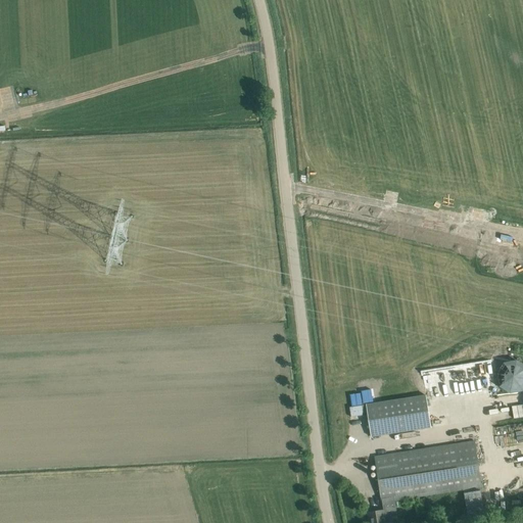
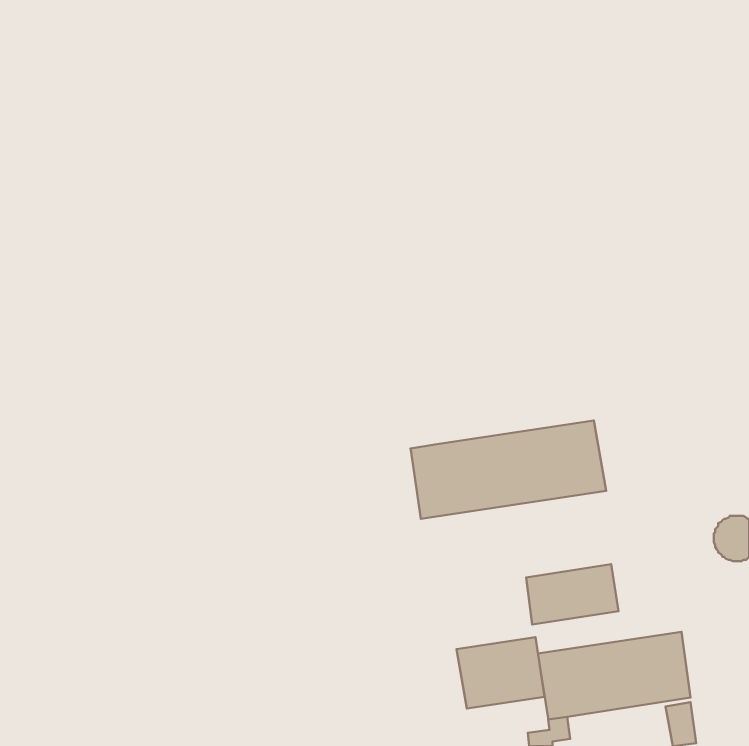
building: none -> [410,421,606,519]
building: none -> [457,637,544,708]

